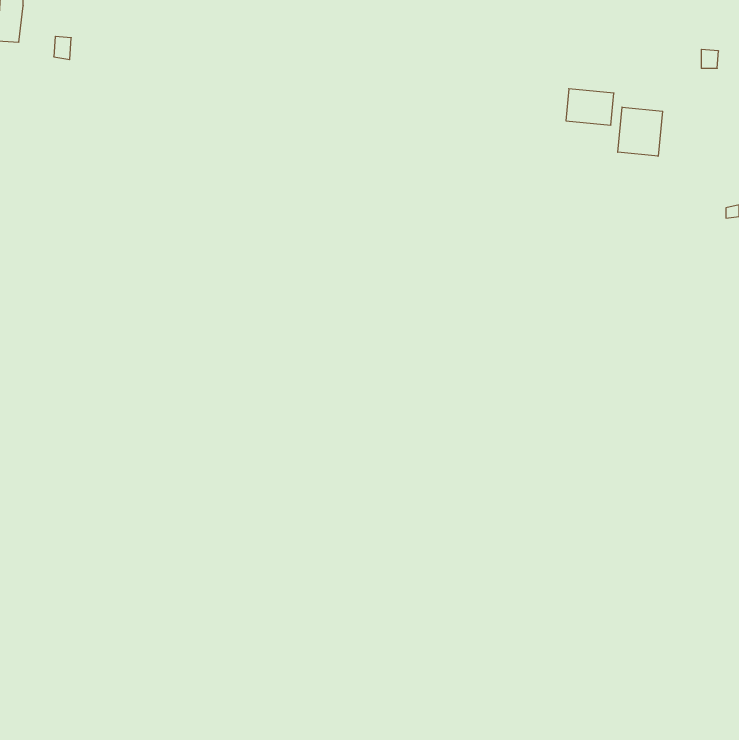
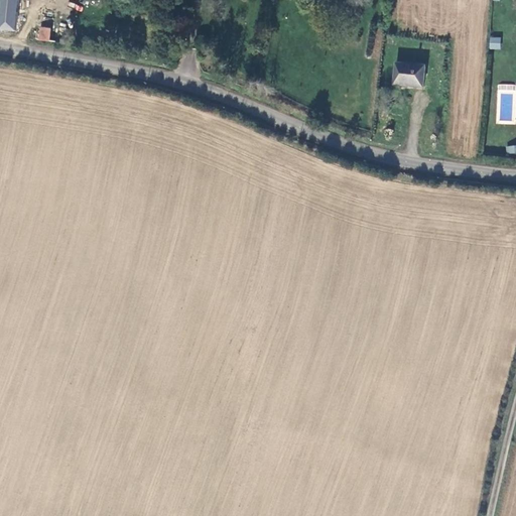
building: [618,107,663,156] -> none

